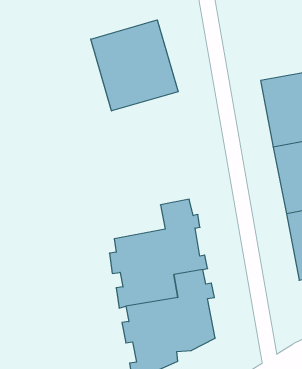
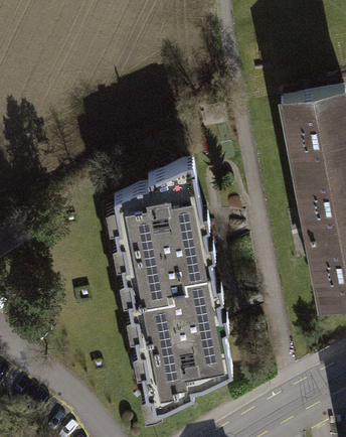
building: [91,20,178,111] -> none
building: none -> [108,160,210,269]

